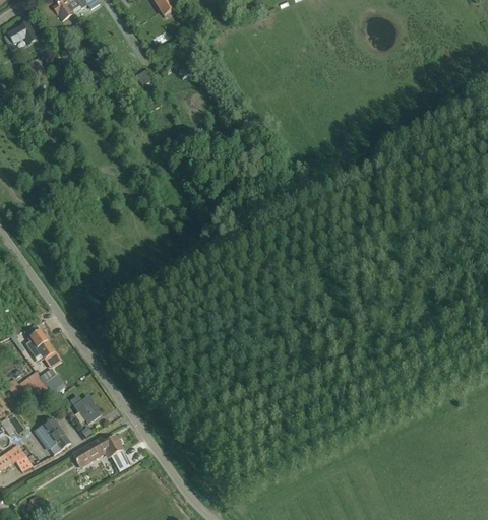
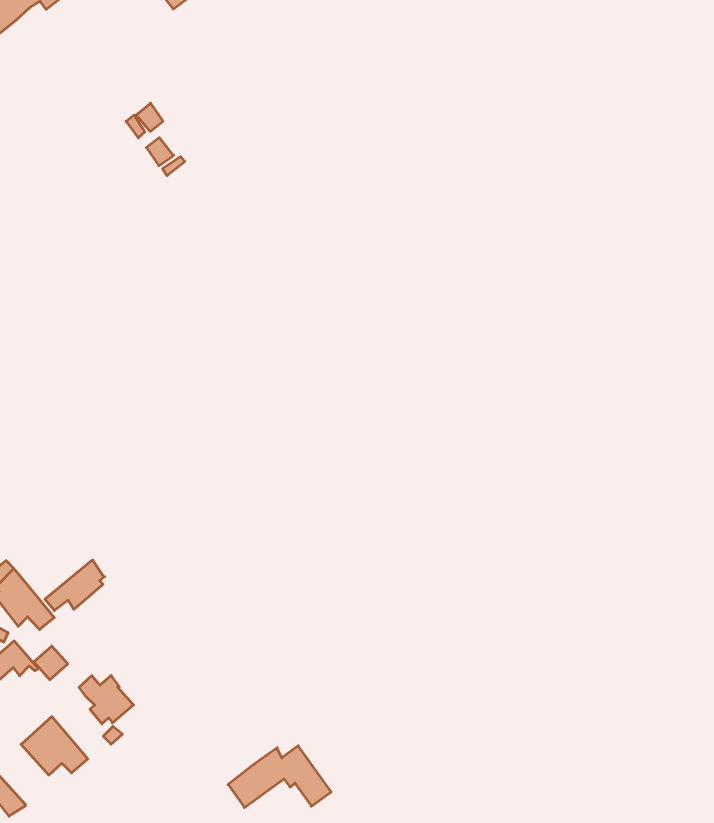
building: none -> [45,560,105,611]
building: [72,435,131,470] -> [228,746,331,808]

